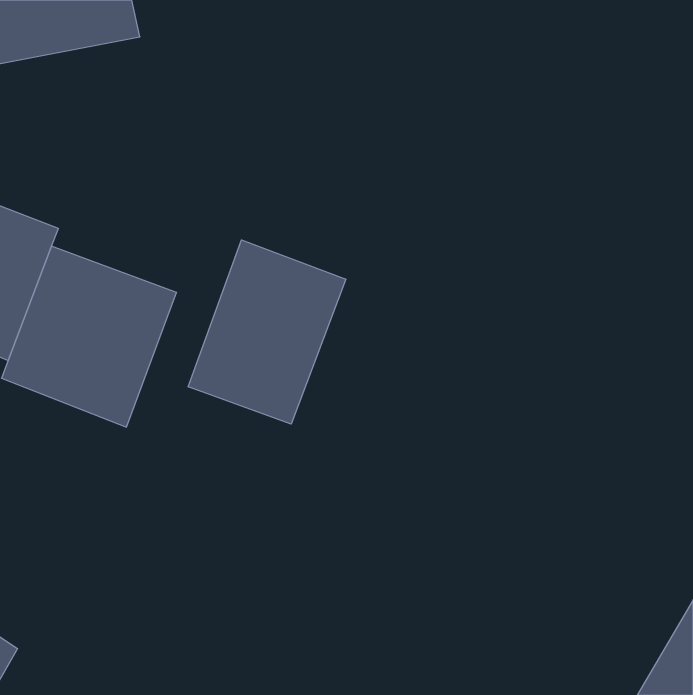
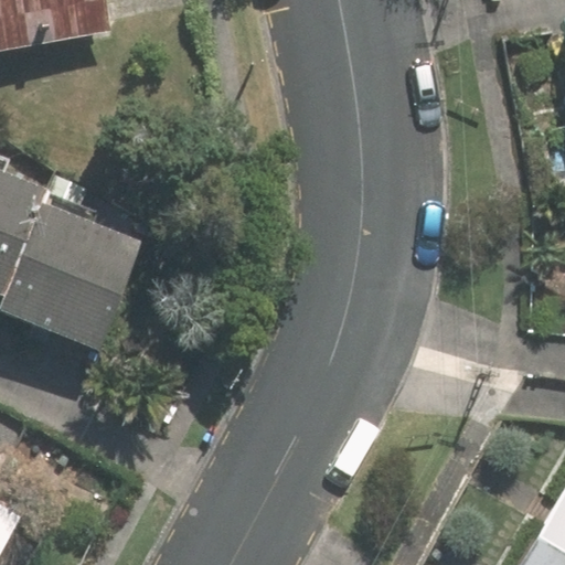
building: [188,240,346,424] -> none

